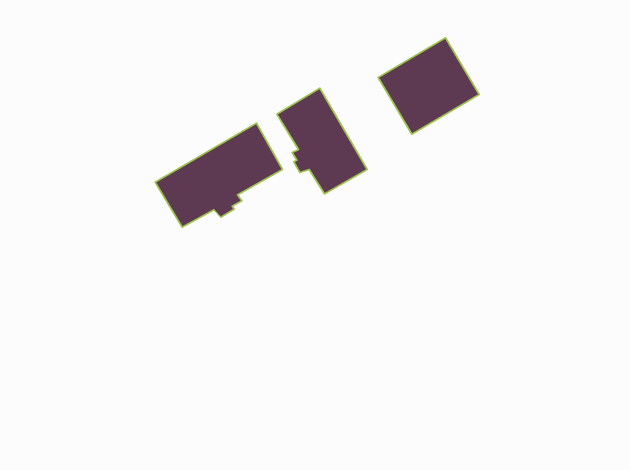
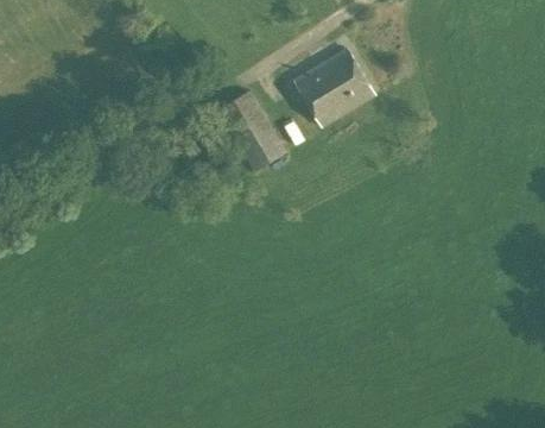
building: [155,123,282,227] -> none

